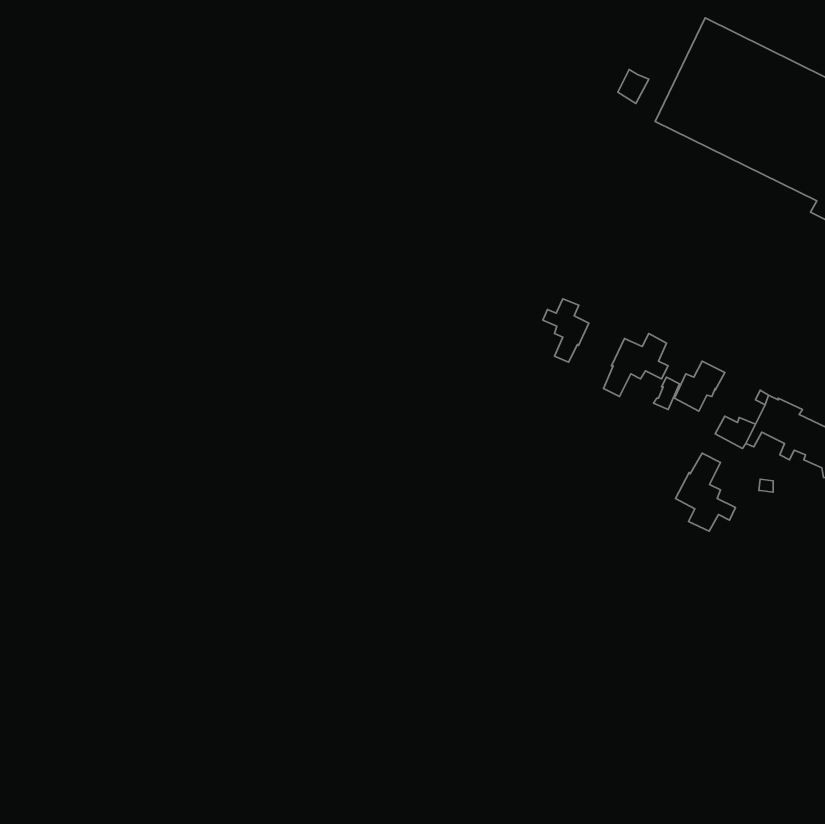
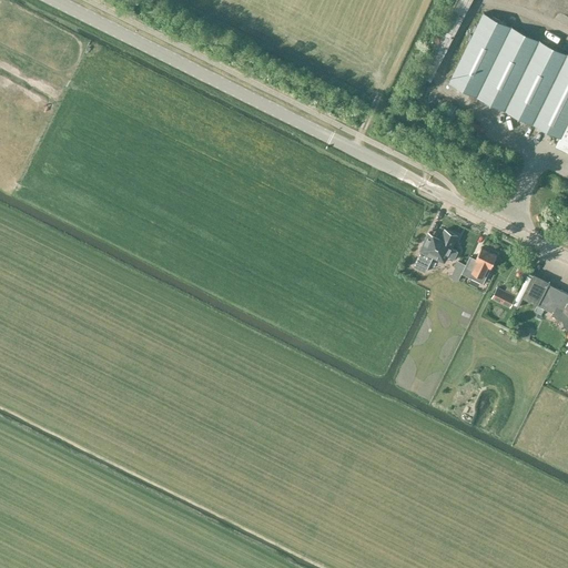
building: [543,299,589,362] -> none
building: [675,453,736,531] -> none

